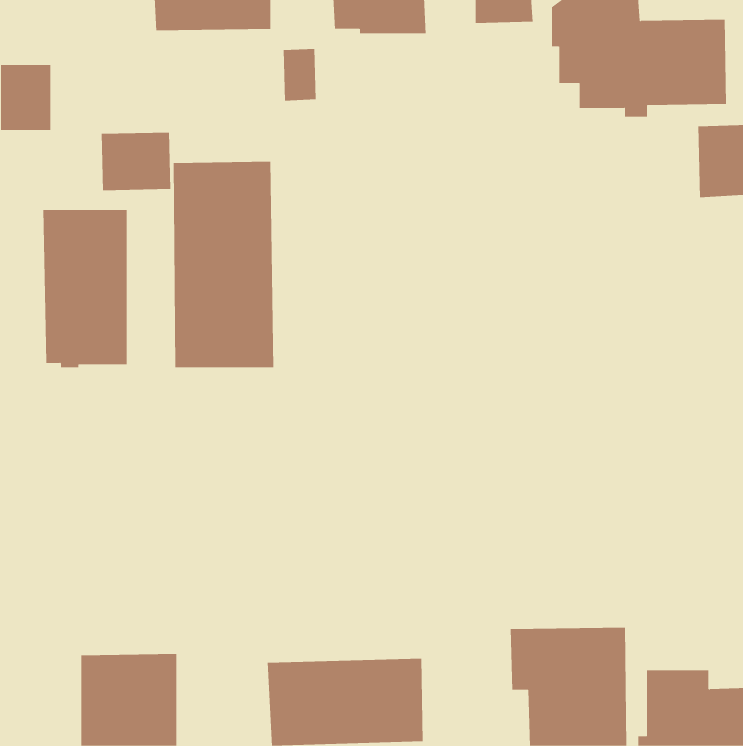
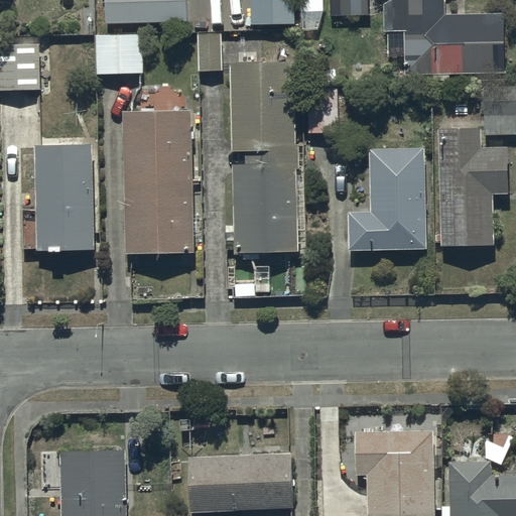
building: none -> [231,62,297,253]
building: [101,132,171,191] -> [96,34,144,75]
building: none -> [438,129,509,247]
building: none -> [349,147,426,249]

